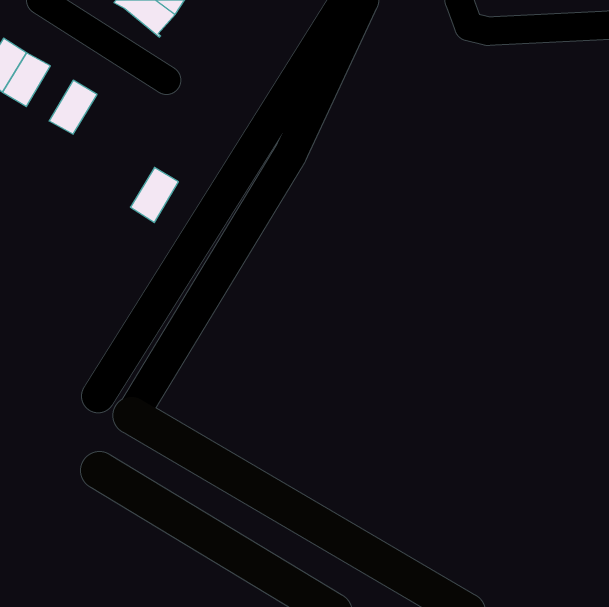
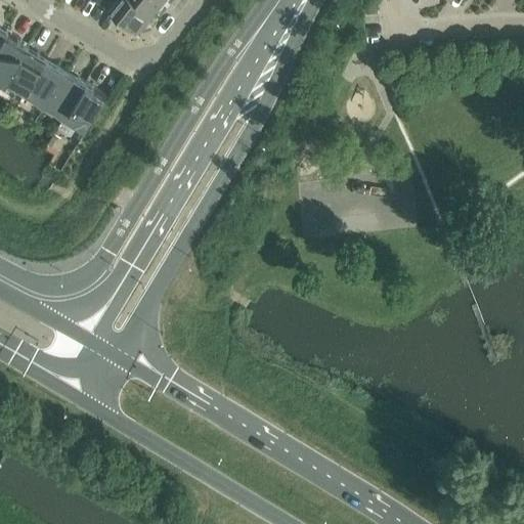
building: none -> [23,60,62,107]
building: [130,167,178,223] -> [62,85,103,132]

